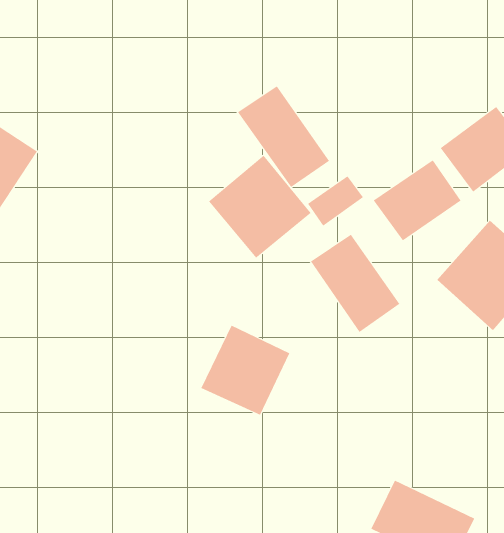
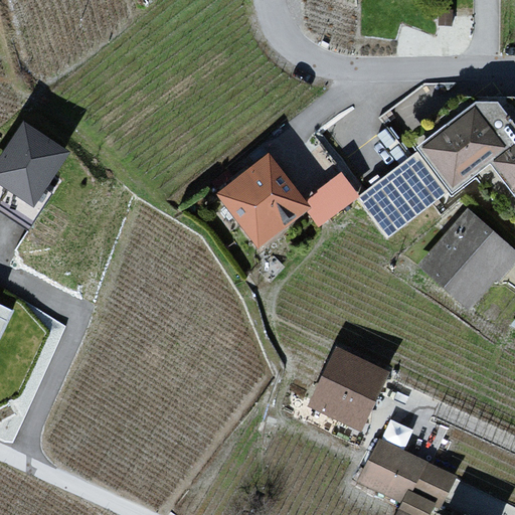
building: [237,85,330,188] -> none
building: [310,234,400,333] -> none
building: [200,325,290,416] -> [309,348,388,428]

